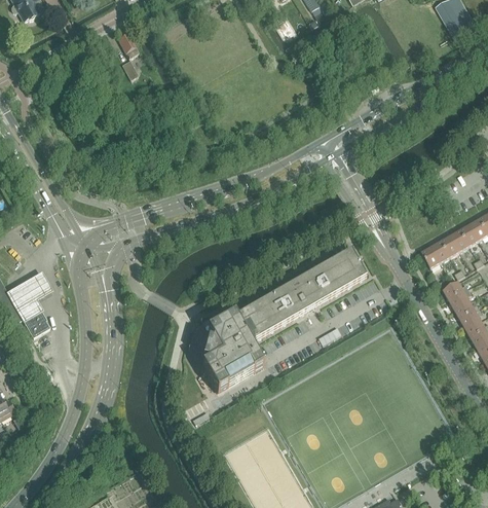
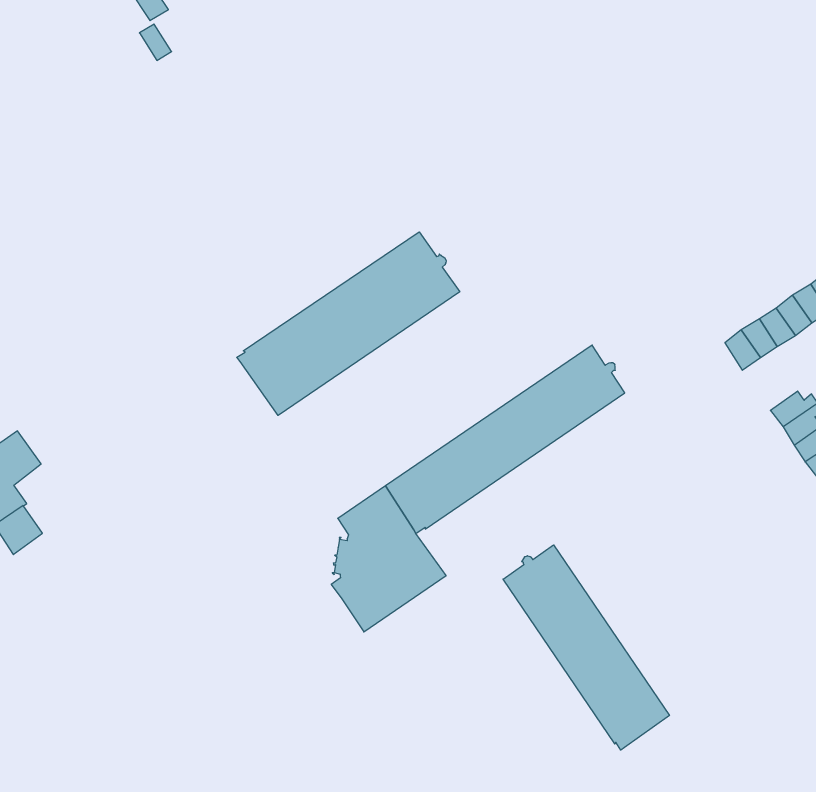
building: none -> [237,232,460,415]
building: none -> [503,545,669,750]

